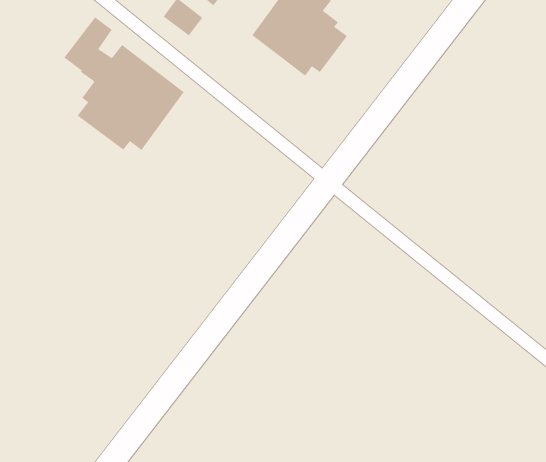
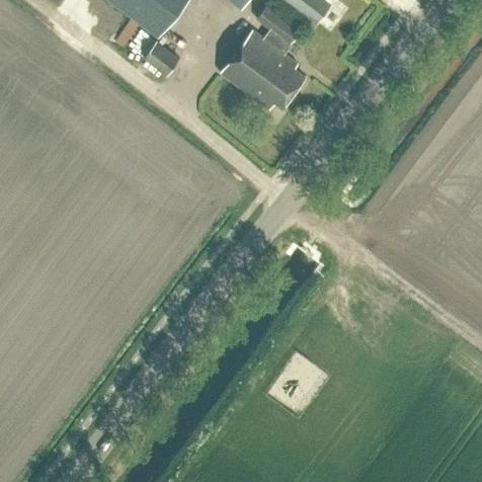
building: [64,16,184,151] -> none

